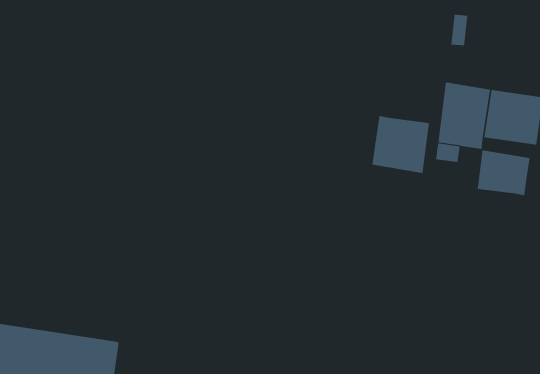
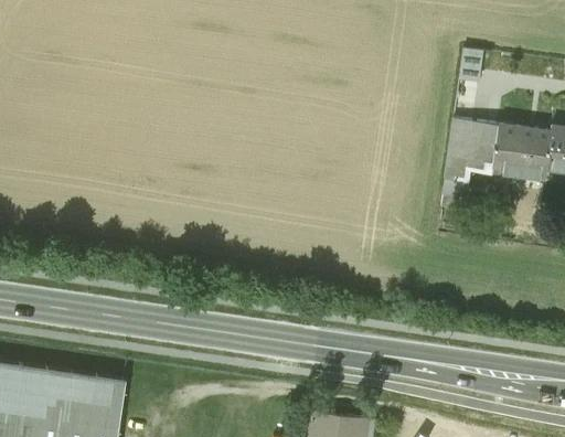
building: [372,115,430,174] -> none
building: [477,150,530,196] -> none

